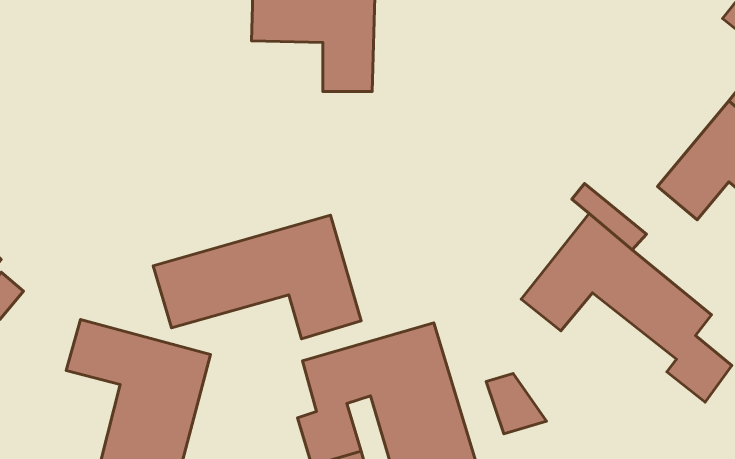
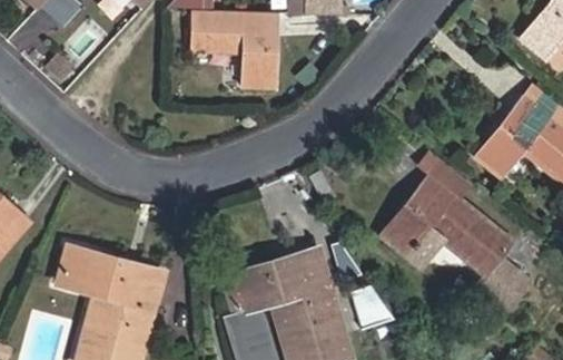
building: [153,215,361,339] -> none

